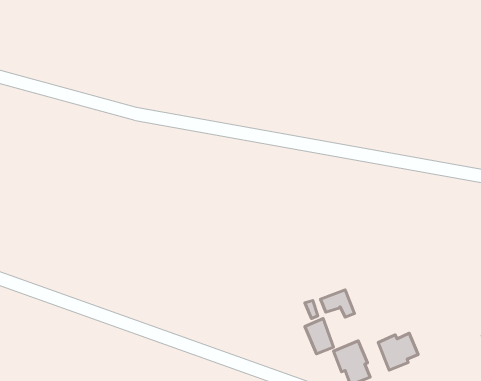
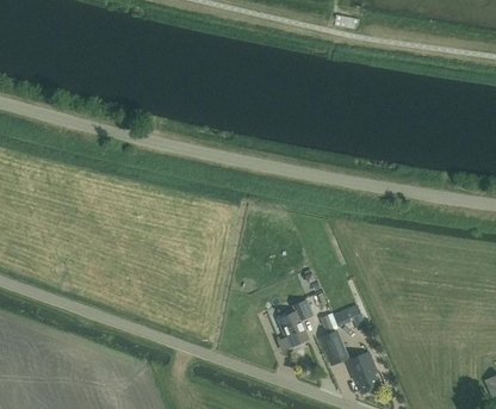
building: none -> [278,298,311,345]
building: [378,333,418,370] -> none

